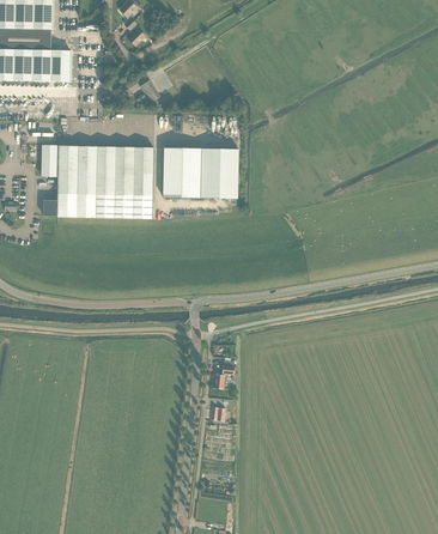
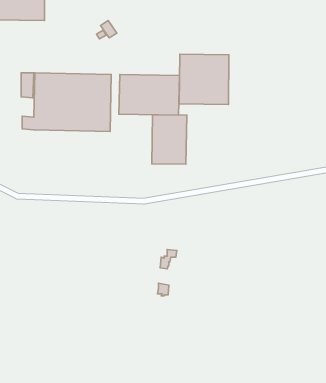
building: none -> [179,54,229,105]
building: none -> [152,115,187,164]

